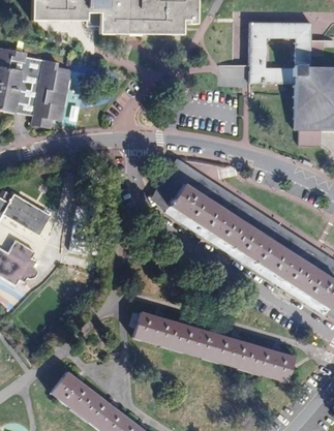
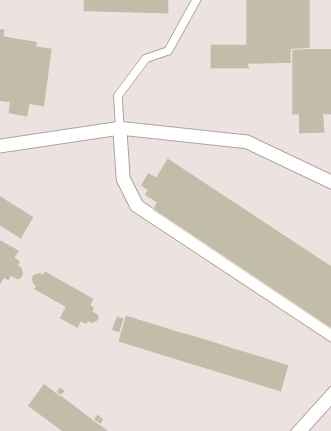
building: none -> [31,271,100,329]

